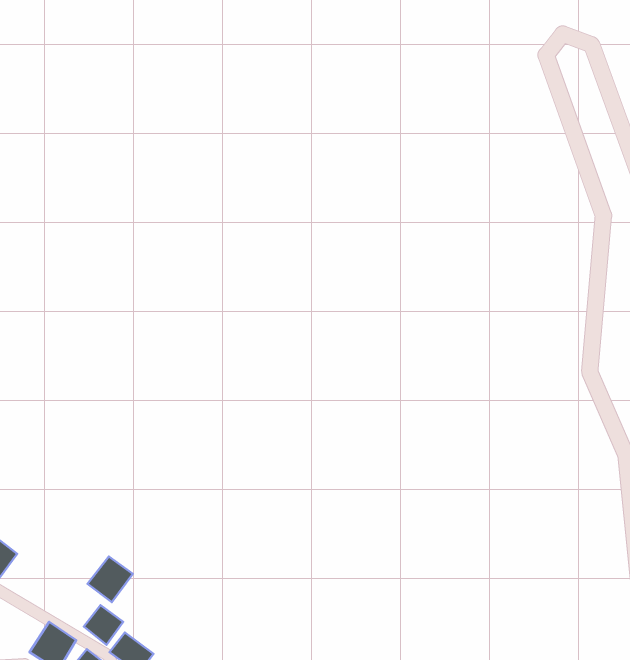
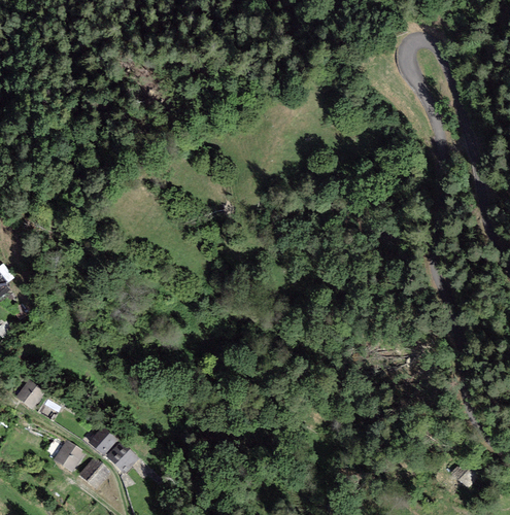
building: [87,557,133,602] -> none

